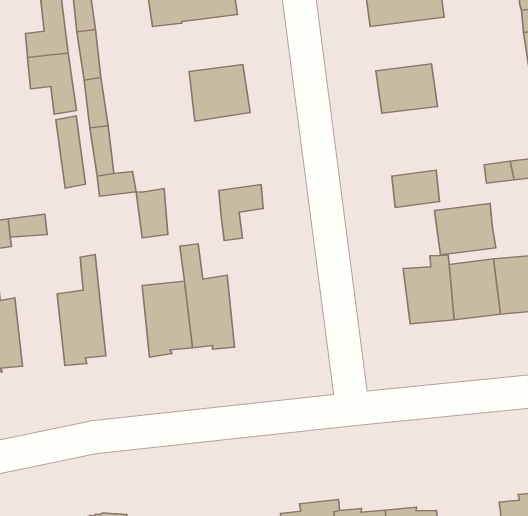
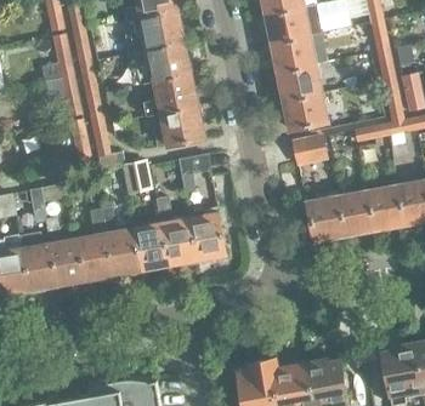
building: none -> [147,42,189,82]
building: none -> [272,36,314,73]
building: none -> [154,107,203,148]
building: [435,204,496,255] -> [284,93,327,130]
building: none -> [101,206,142,276]
building: none -> [45,216,86,286]
building: none -> [189,207,226,263]

